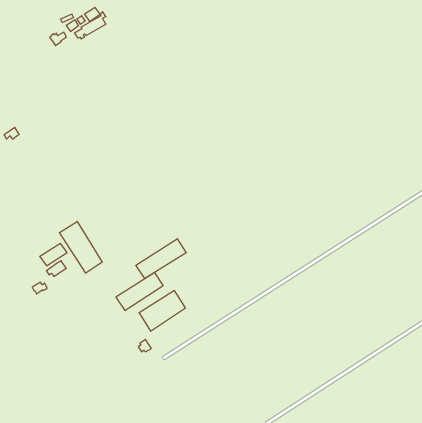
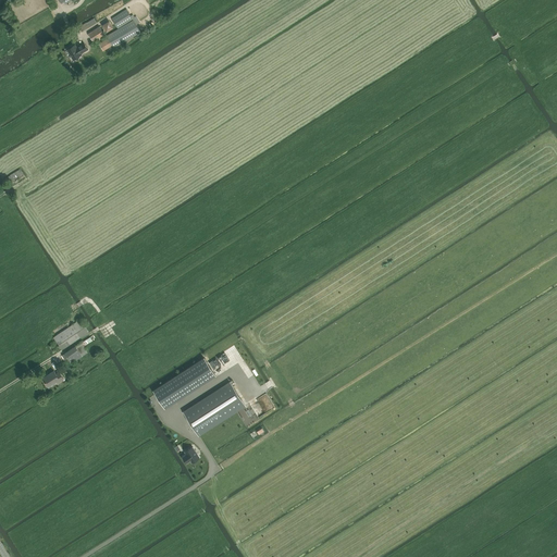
building: [60,221,102,273] -> none
building: [136,239,186,278] -> none

